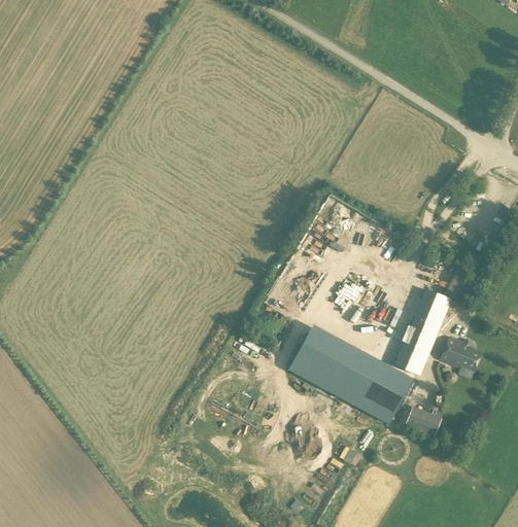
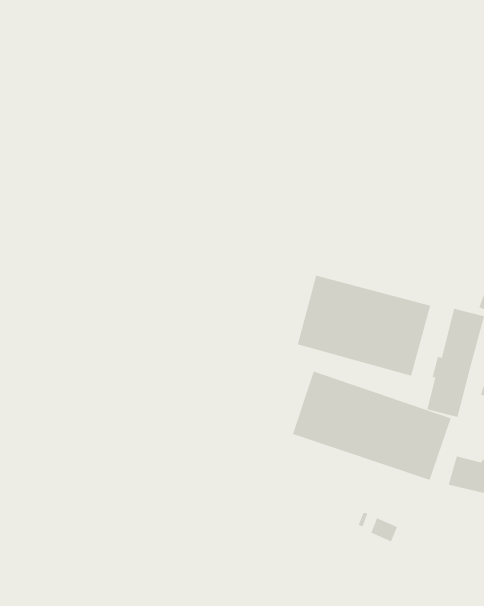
building: none -> [297,275,431,377]

